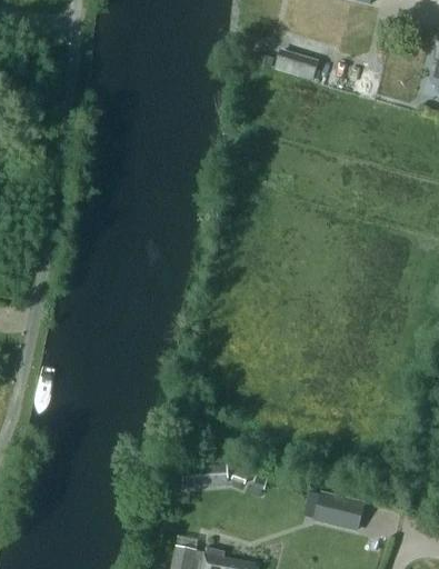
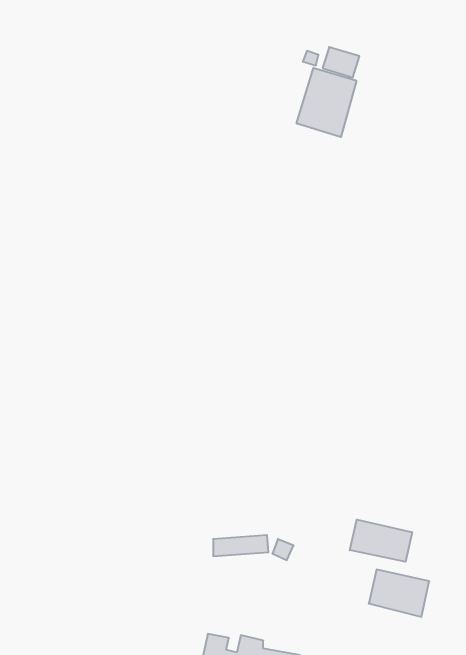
building: none -> [297,68,356,137]
building: none -> [350,520,412,562]

